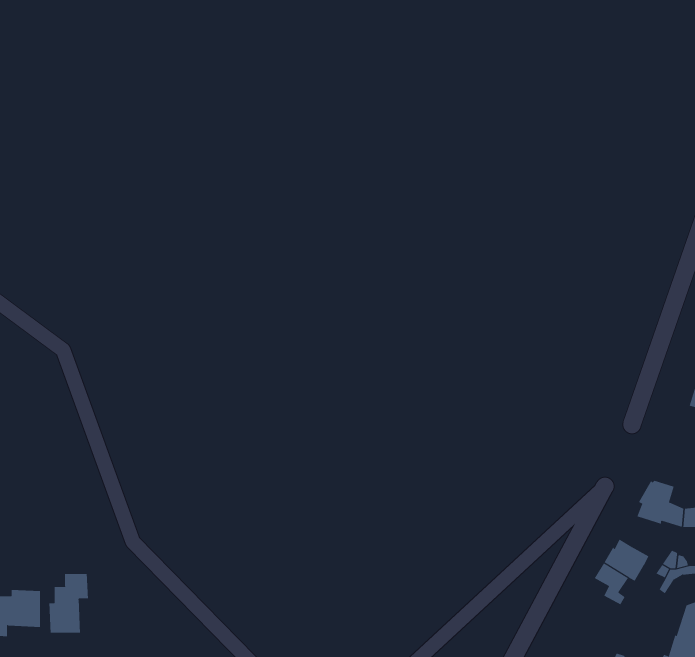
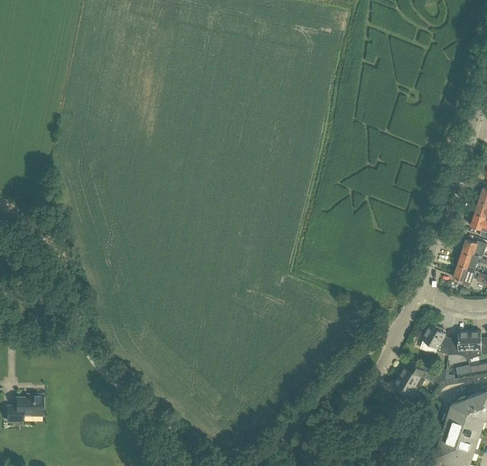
building: [49,573,88,633] -> none

